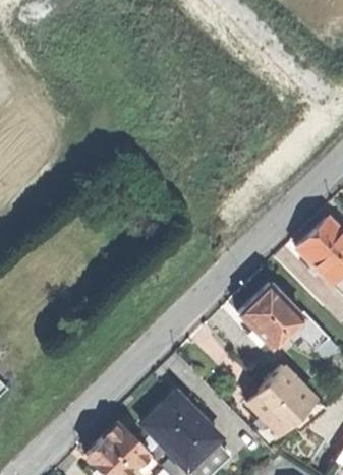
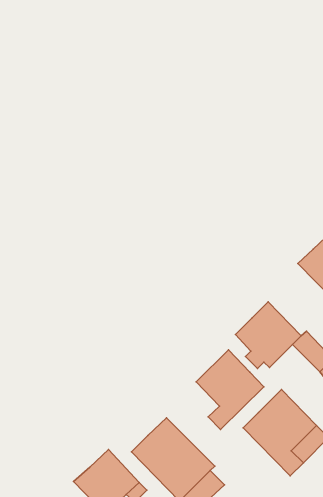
building: none -> [196,350,264,429]

